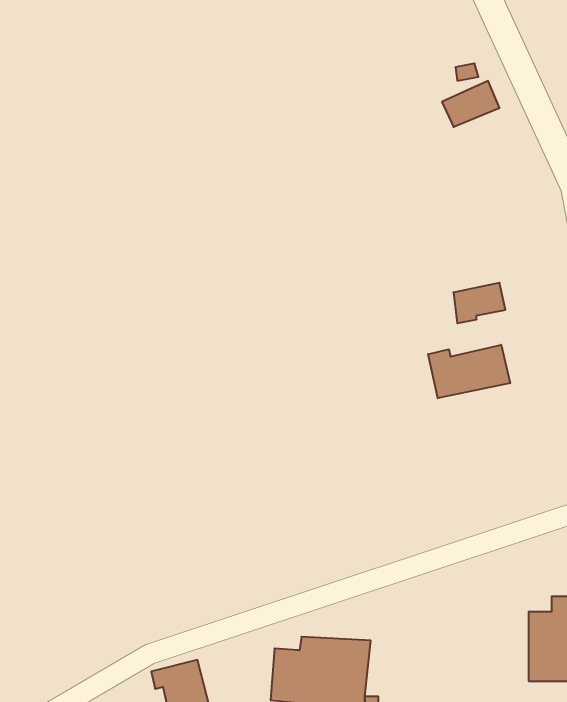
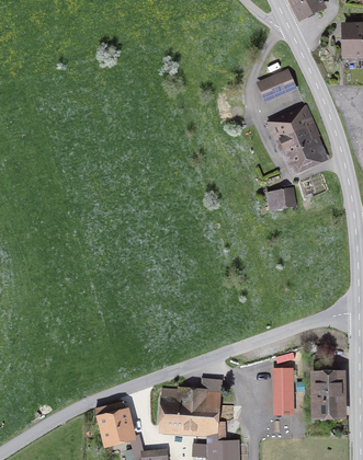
building: none -> [273,111,320,166]
building: [428,345,510,398] -> none
building: none -> [273,353,296,413]

